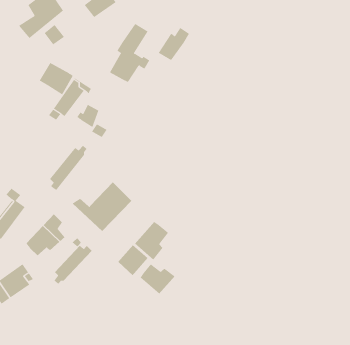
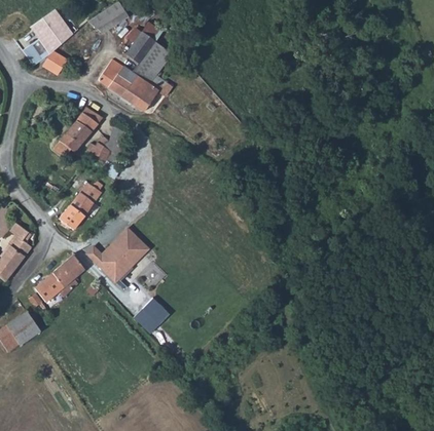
building: [158,27,190,61] -> [124,26,160,64]
building: [39,62,73,95] -> [99,62,138,99]
building: [134,221,169,260] -> none
building: [54,245,92,284] -> none
building: [140,264,175,295] -> none

